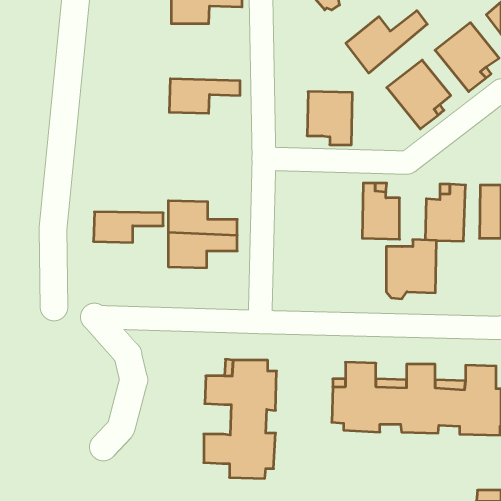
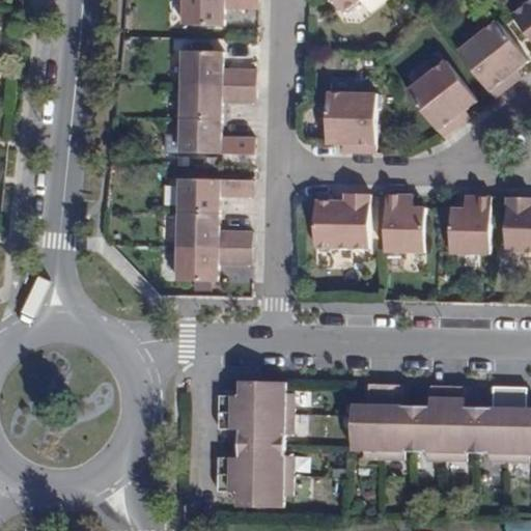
building: [346,11,427,73] -> none
building: none -> [179,50,254,85]
building: none -> [178,118,252,155]
building: [93,212,163,242] -> [177,180,251,213]
building: [386,240,436,299] -> [317,192,370,254]

